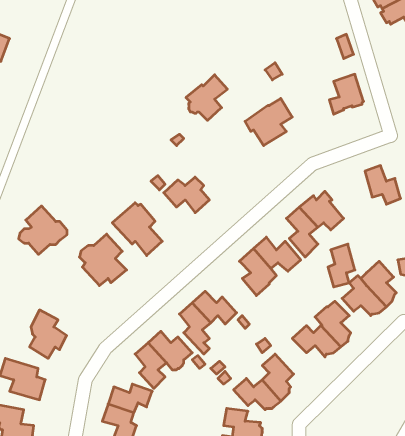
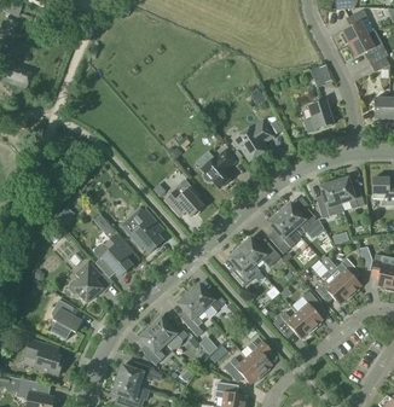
building: [186,75,227,120] -> [202,149,237,187]
building: [19,206,67,254] -> [70,261,111,302]
building: [328,244,355,287] -> [318,181,341,217]

